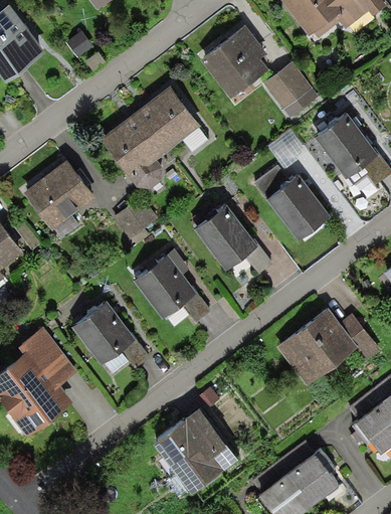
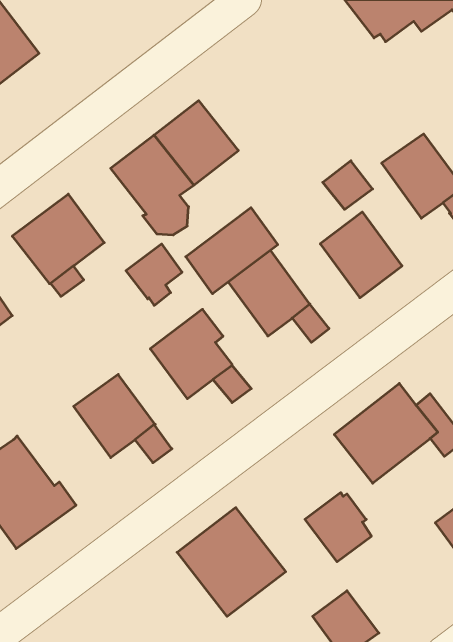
building: [201,25,269,98] -> none
building: [264,63,320,120] -> none
building: none -> [186,208,278,294]
building: [20,329,76,388] -> none
building: [287,450,340,504] -> [305,493,371,562]

